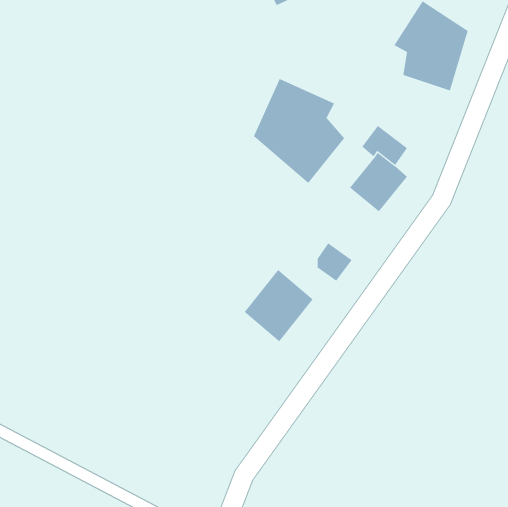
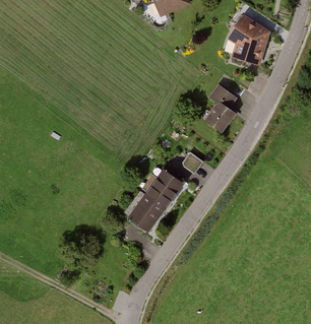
building: [253,78,345,184] -> none
building: none -> [123,191,163,233]

